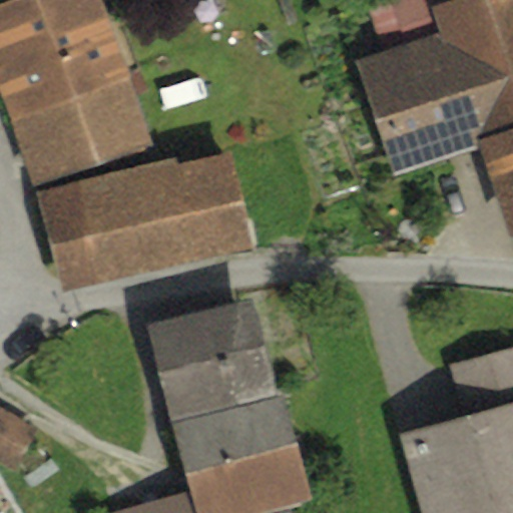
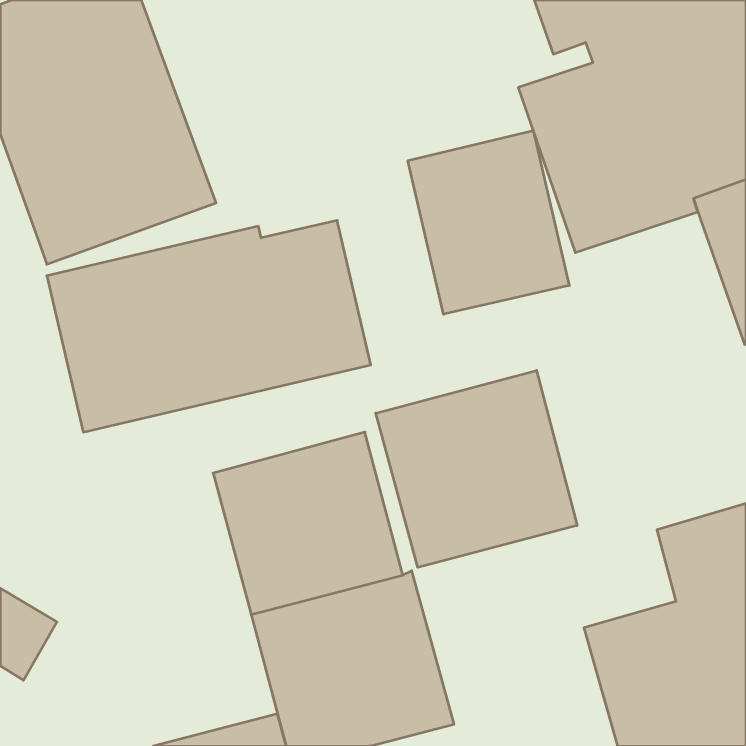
building: none -> [408,130,569,314]
building: none -> [376,370,577,567]

